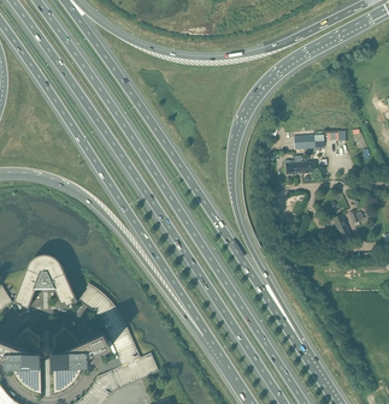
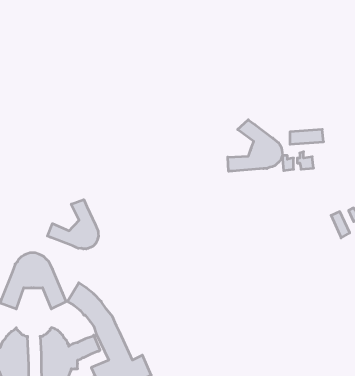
building: none -> [228,120,282,171]
building: none -> [47,200,98,249]

